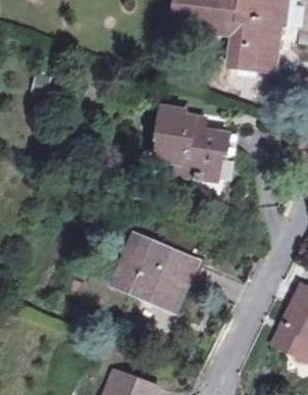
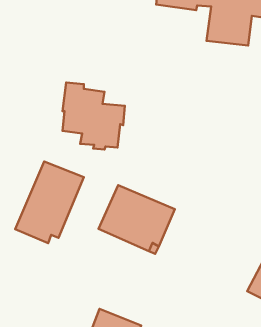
building: [156,103,224,177] -> [63,82,125,149]
building: none -> [15,161,84,243]

